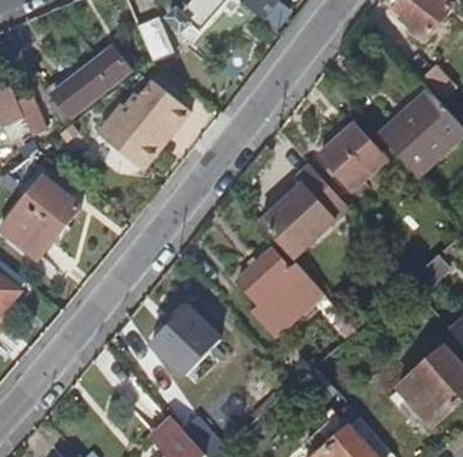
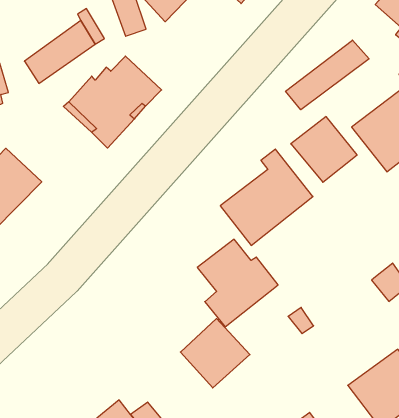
building: none -> [286,40,369,110]
building: [153,309,221,377] -> [180,319,250,388]

